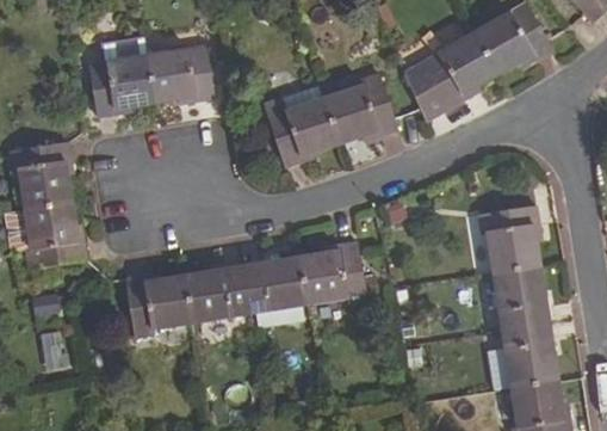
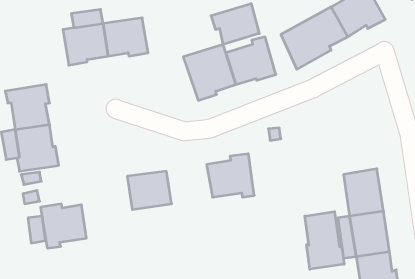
building: none -> [211,3,259,45]
building: [478,205,541,272] -> none
building: [240,258,305,314] -> none
building: [125,273,191,337] -> [41,204,86,248]
building: none -> [305,212,344,269]

